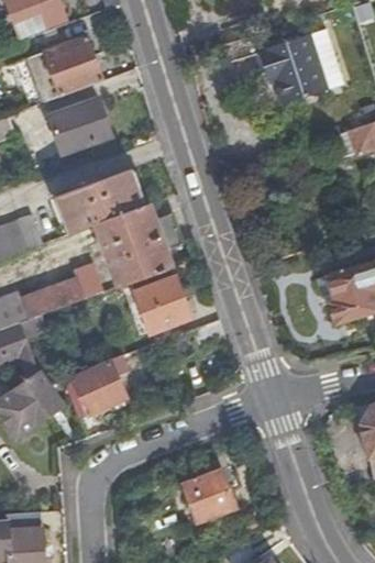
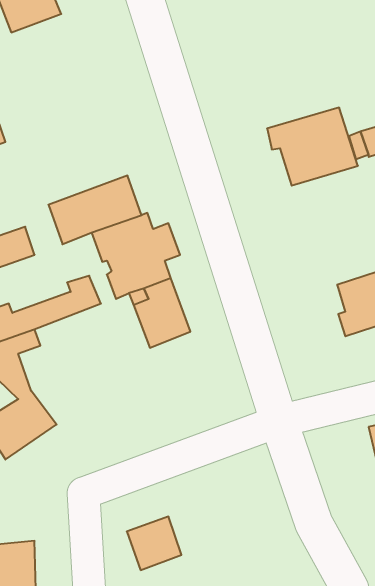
building: [258,29,344,102] -> [267,108,358,186]
building: [26,37,101,103] -> none
building: [47,101,109,154] -> none
building: [63,353,130,439] -> none
building: [183,473,234,523] -> [127,517,181,570]

